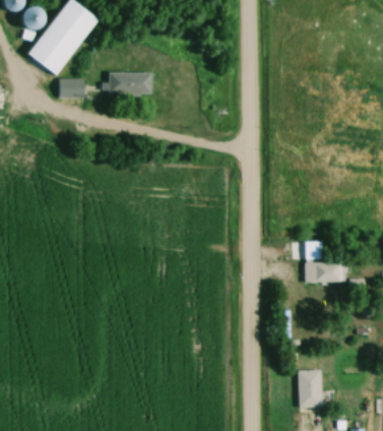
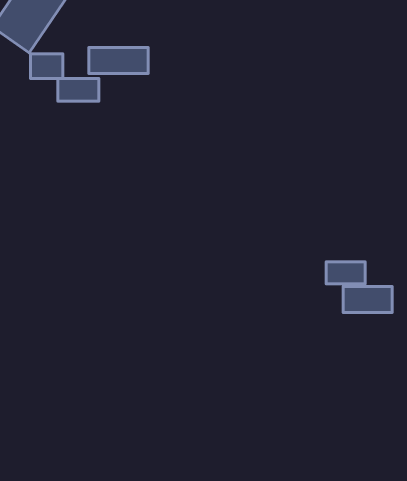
building: none -> [58,79,99,101]
building: [298,370,321,408] -> none

